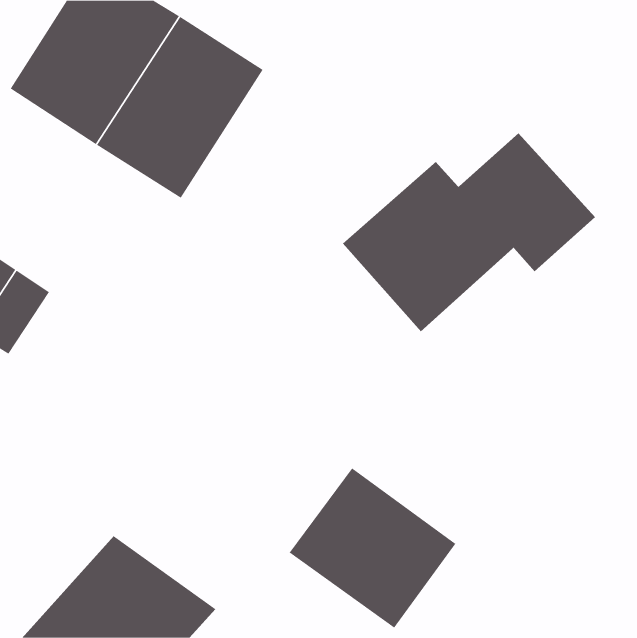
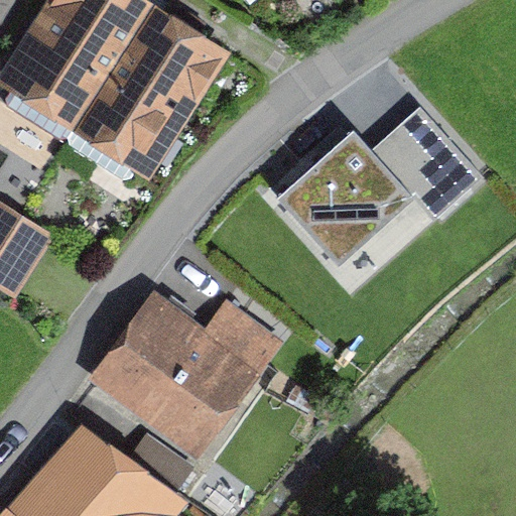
building: none -> [103,299,265,437]
building: [289,467,456,629] -> none

